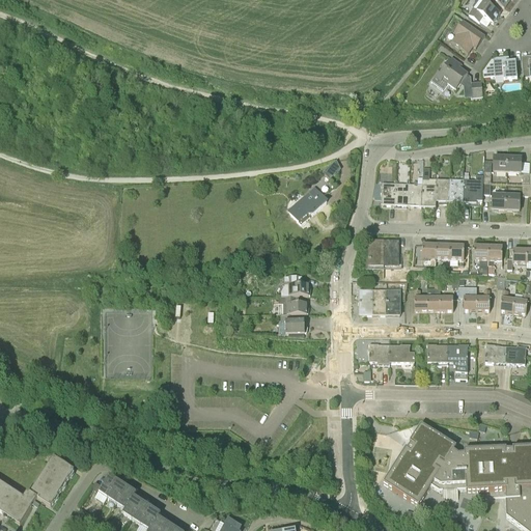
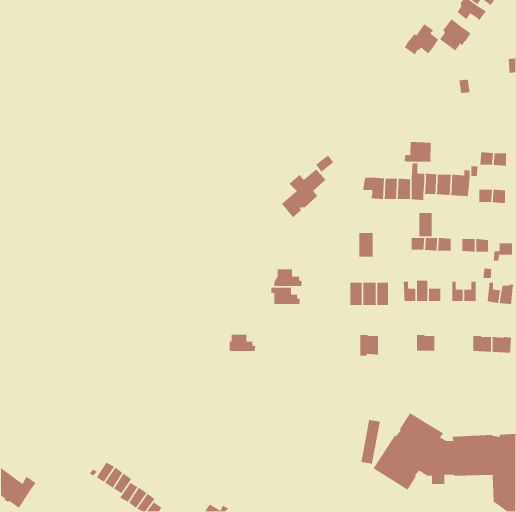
building: [430,56,467,89] -> [404,23,439,56]
building: [482,56,516,78] -> none
building: none -> [403,141,433,163]
building: [384,239,398,264] -> [419,212,433,237]
building: [279,313,307,332] -> [229,334,256,352]
building: [389,343,415,361] -> none
building: [447,344,467,379] -> none
building: [30,455,74,504] -> none

